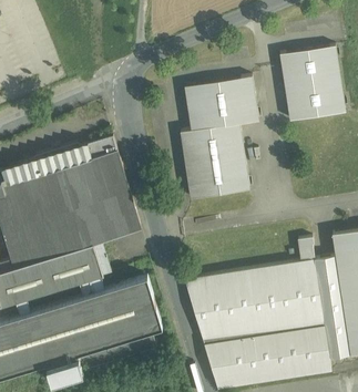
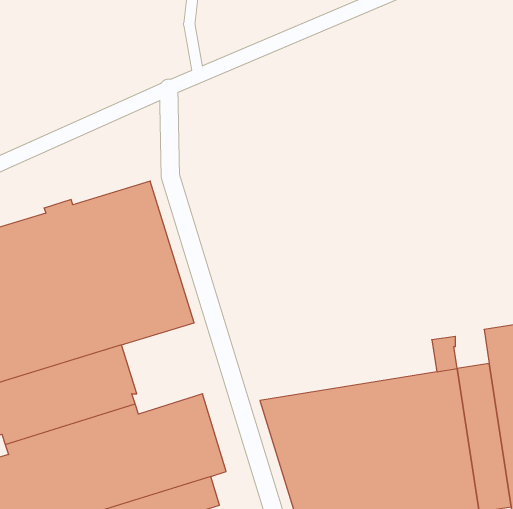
building: [280,48,346,122] -> none
building: [181,78,259,200] -> none

